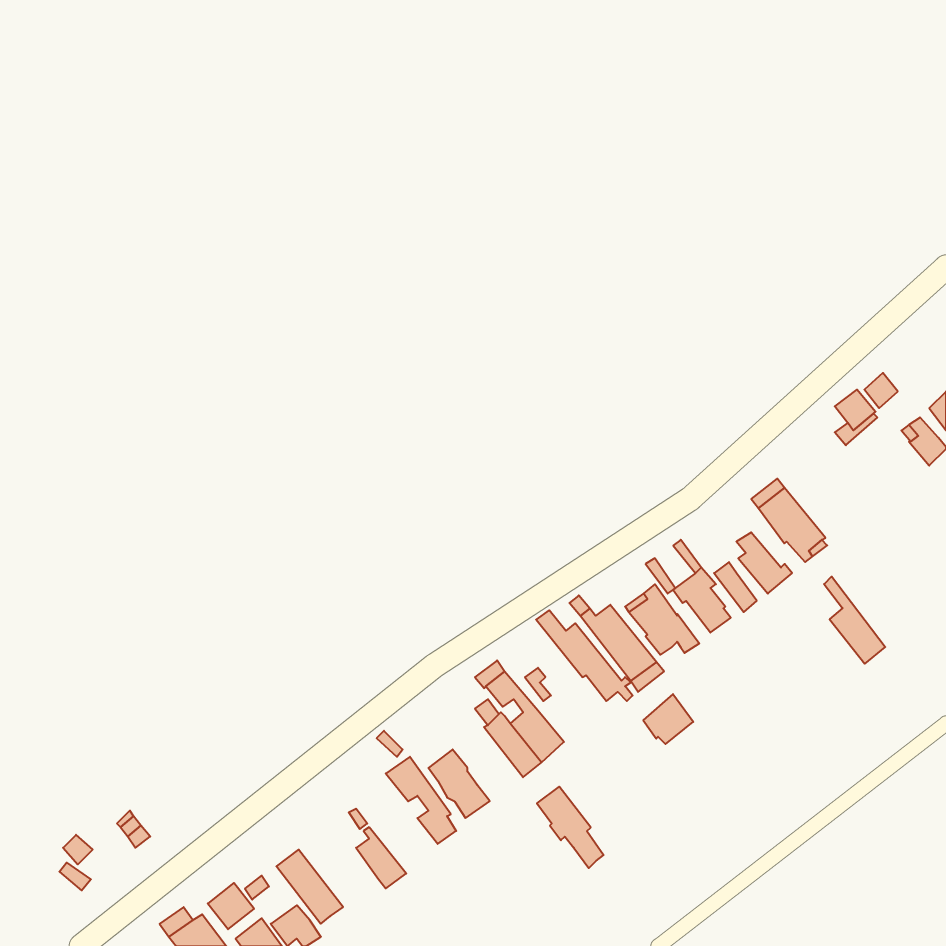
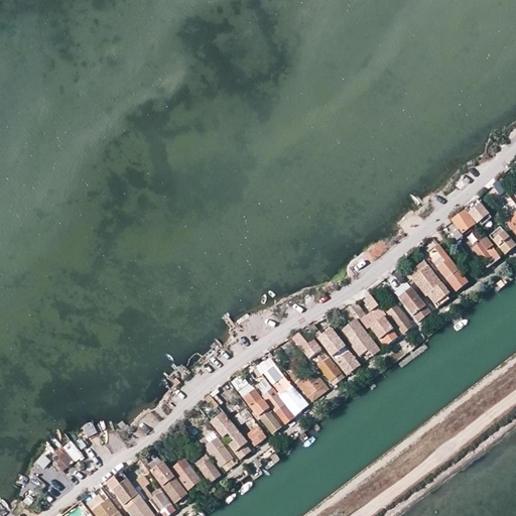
building: none -> [472,238,499,267]
building: [824,577,885,664] -> [434,244,468,291]
building: [643,694,693,744] -> [300,373,328,400]
building: [537,787,604,868] -> [244,388,280,432]
building: none -> [198,435,232,467]
building: none -> [172,460,201,490]

